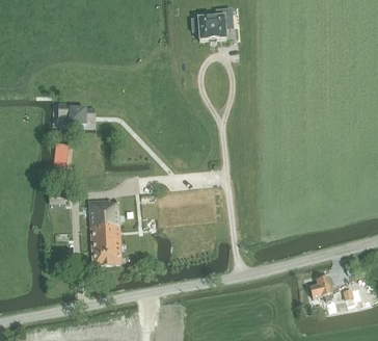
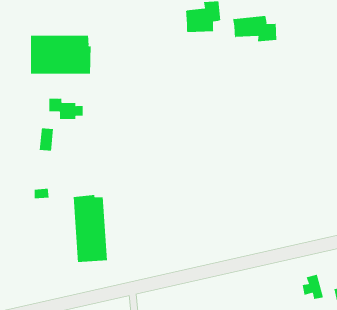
building: none -> [232,15,277,42]
building: none -> [31,35,91,75]

